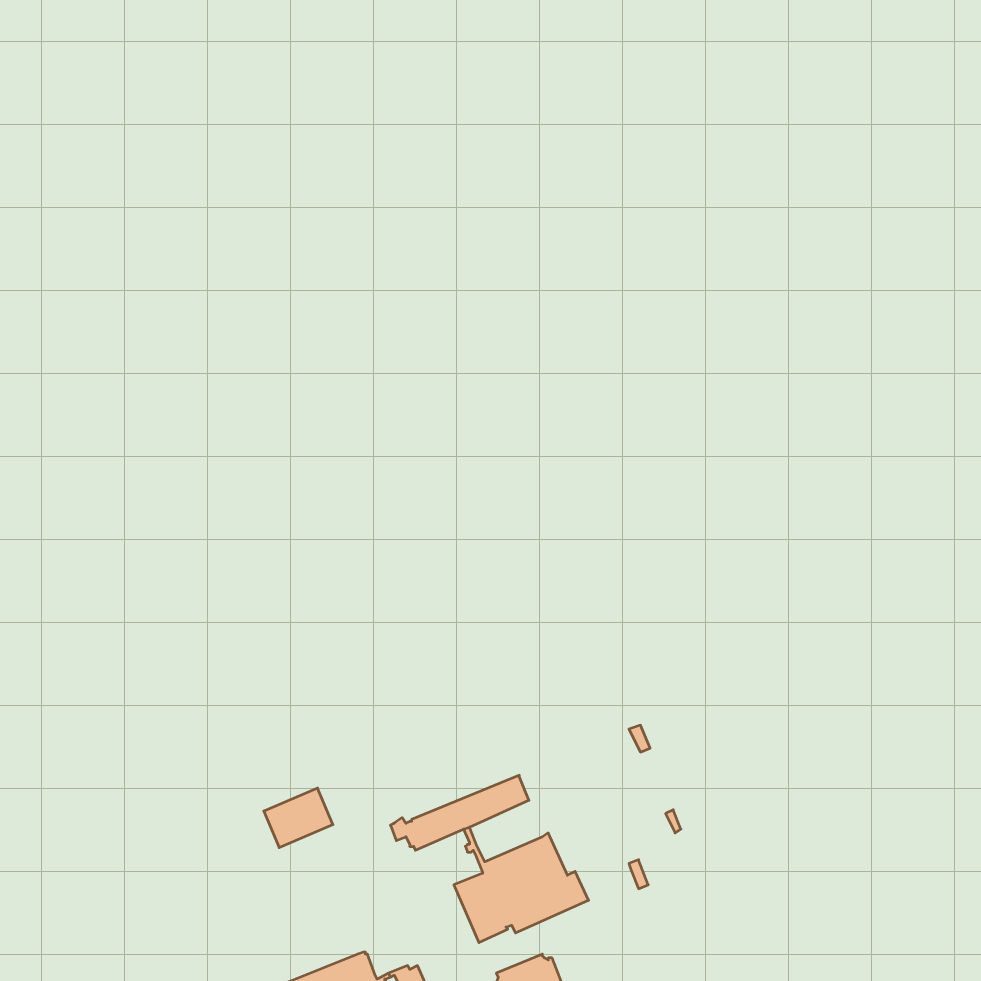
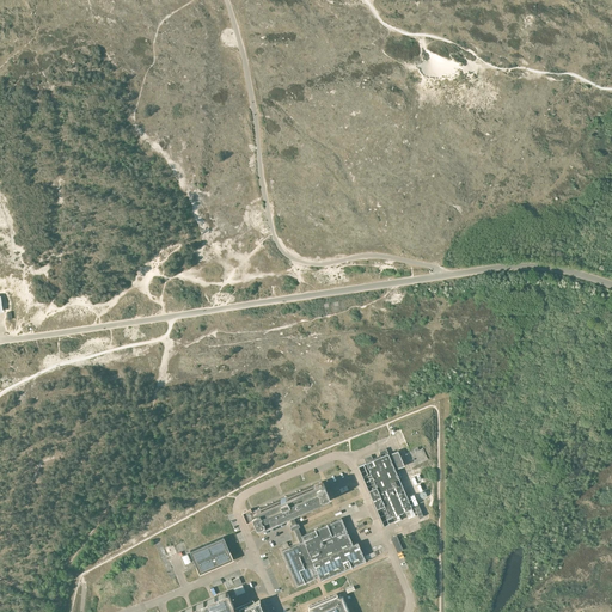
building: none -> [365,449,412,526]
building: [264,788,333,848] -> [191,538,234,575]

